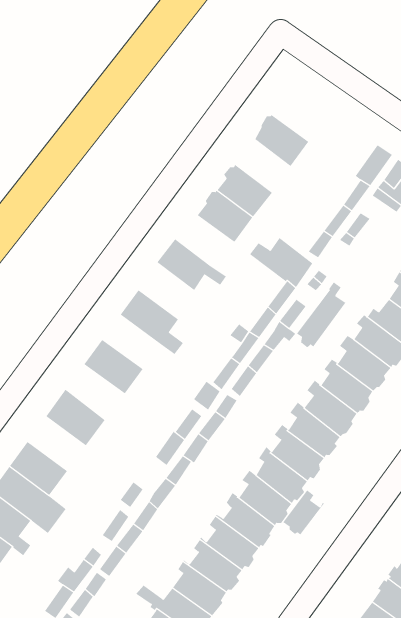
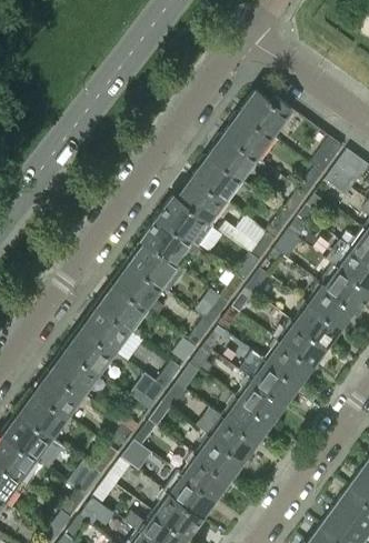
building: none -> [239,90,291,135]
building: none -> [208,133,256,179]
building: none -> [157,195,205,241]
building: none -> [126,238,177,286]
building: [296,281,346,348] -> none
building: none -> [94,282,144,329]
building: none -> [63,324,118,372]
building: none -> [31,369,81,415]
building: [282,489,325,536] -> none

